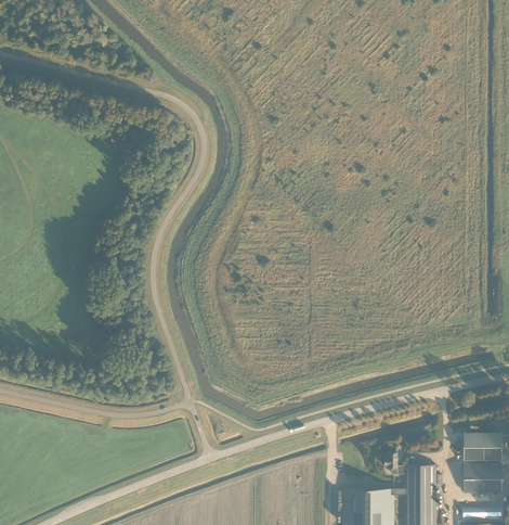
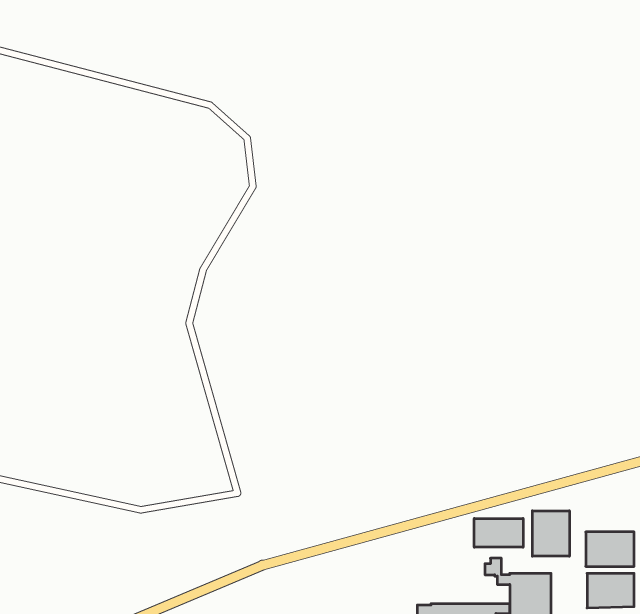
building: none -> [532,511,569,556]
building: none -> [474,518,523,547]

